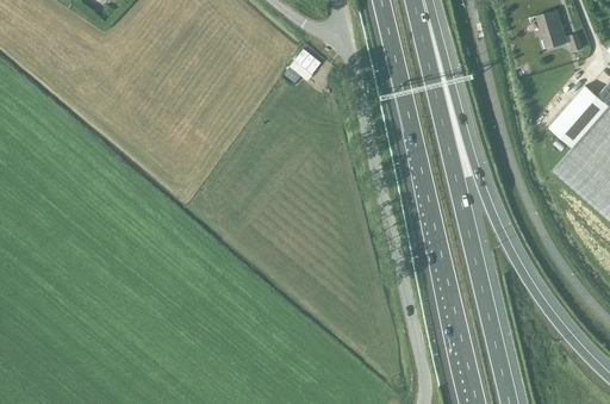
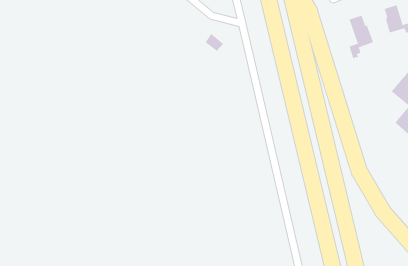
building: none -> [349,15,374,59]

